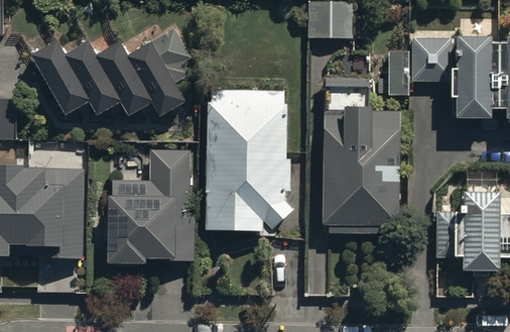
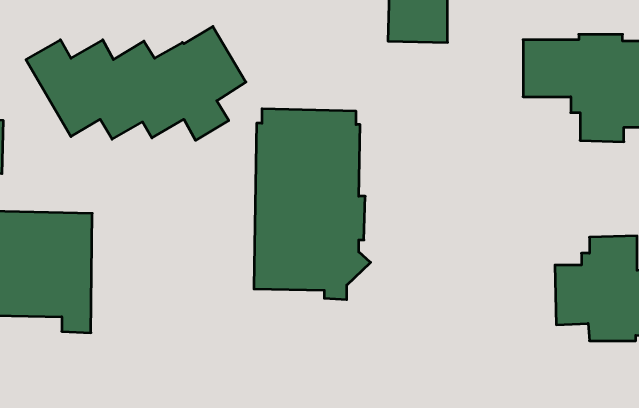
building: [323,104,399,233] -> none
building: [107,149,197,259] -> none

